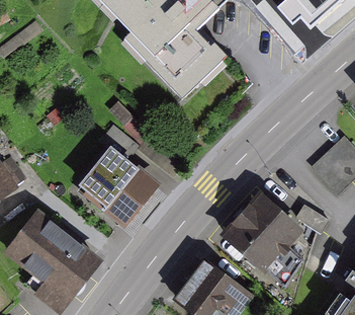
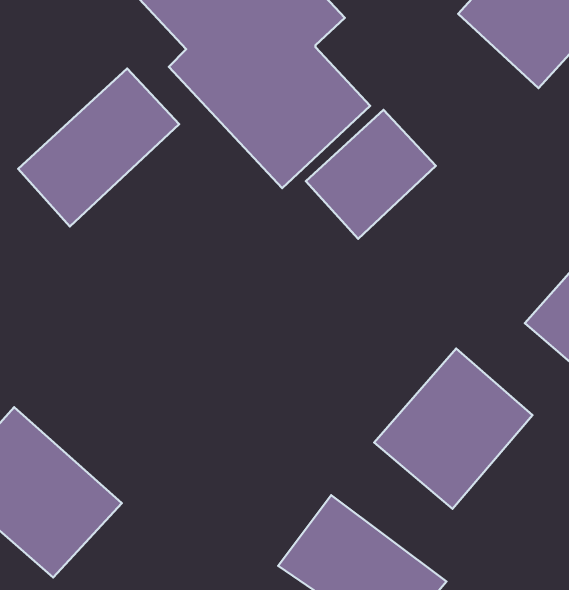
building: none -> [18,68,179,227]
building: none -> [306,110,436,239]
building: [82,151,162,231] -> none

